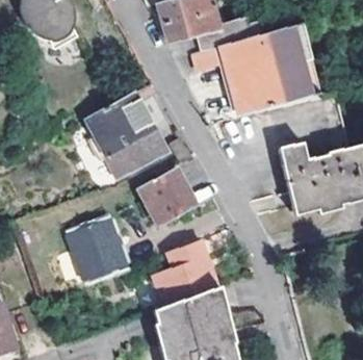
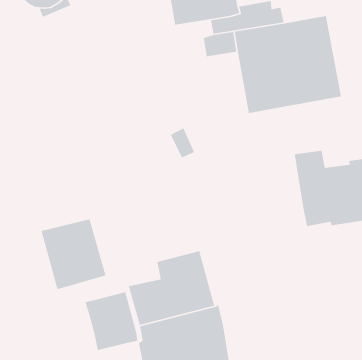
building: [85,91,167,176] -> none
building: [135,163,201,226] -> none
building: none -> [85,291,138,351]

